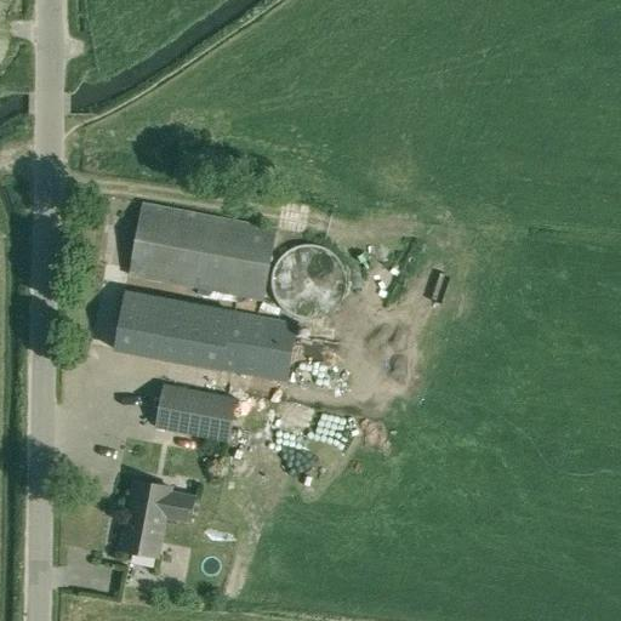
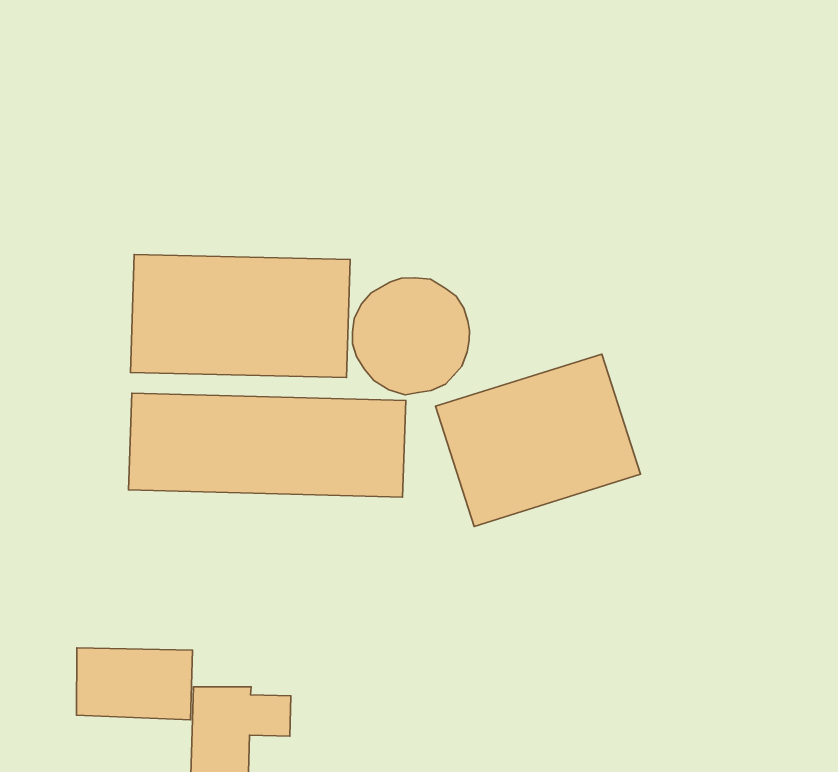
building: none -> [436,354,640,526]
building: [155,384,235,441] -> [76,648,193,720]

